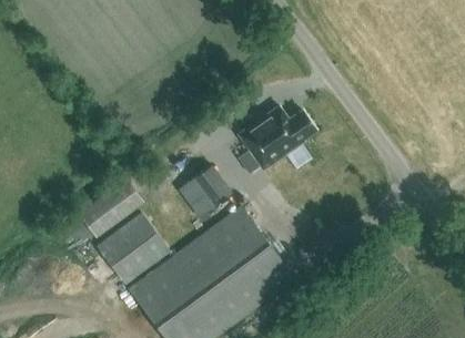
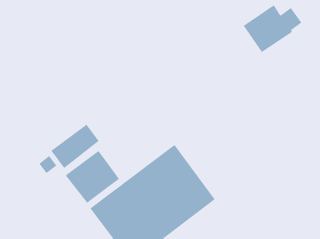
building: [236,106,314,170] -> [243,5,302,53]
building: [176,165,231,218] -> none

